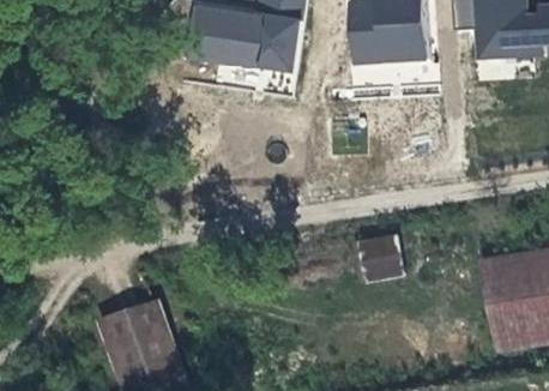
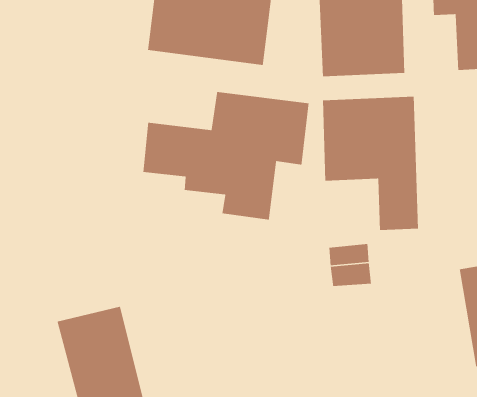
building: none -> [143,91,310,221]
building: none -> [322,96,419,231]

